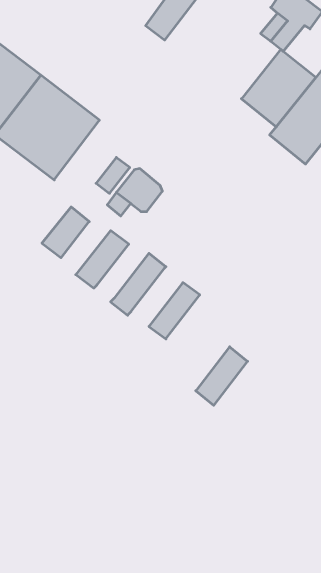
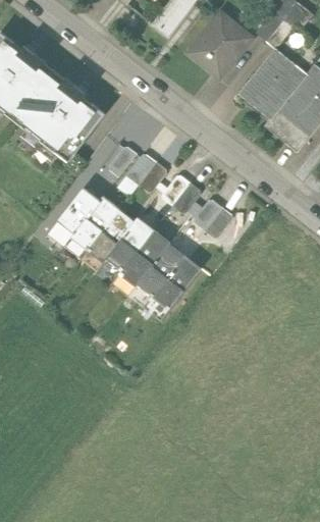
building: none -> [184,8,253,77]
building: none -> [161,175,200,213]
building: none -> [72,198,119,250]
building: none -> [193,199,231,238]
building: none -> [107,218,154,271]
building: [196,347,248,405] -> [138,244,184,297]

